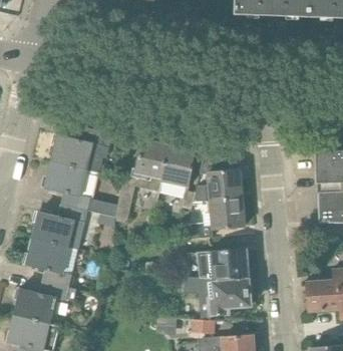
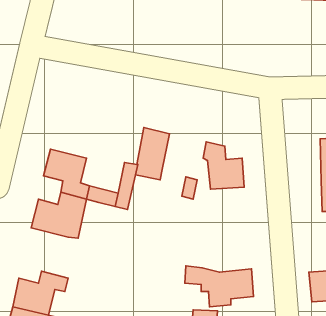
building: [52,125,112,173] -> none
building: [161,146,193,188] -> none
building: [185,199,245,240] -> none
building: [27,239,72,288] -> none
building: [201,250,249,282] -> none

